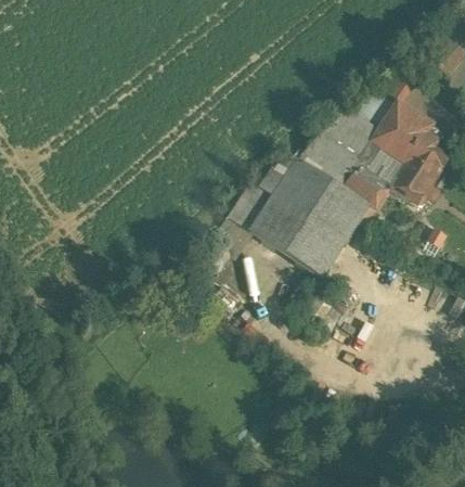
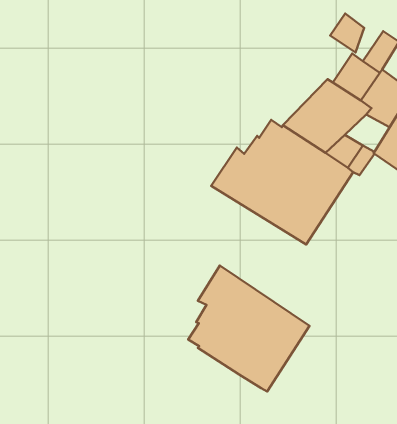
building: none -> [330,14,364,52]
building: [370,149,415,187] -> none
building: none -> [188,266,310,391]

